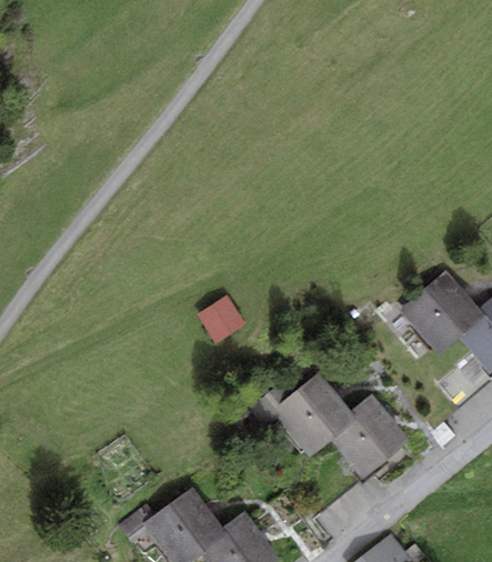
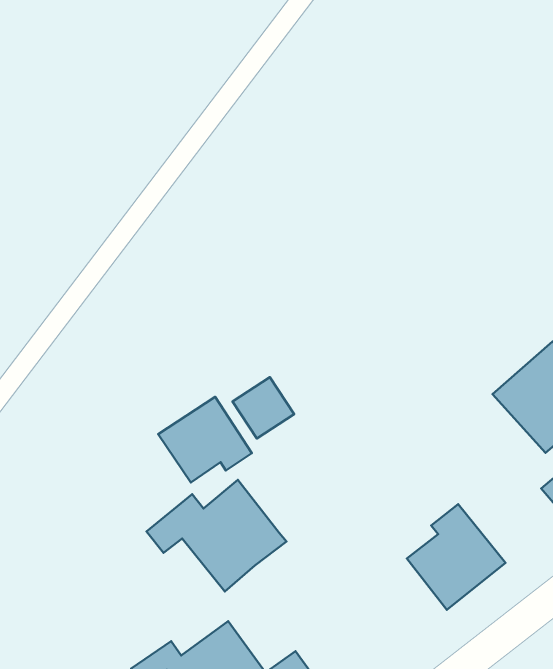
building: none -> [158,397,252,482]
building: [248,372,357,459] -> [146,480,286,591]

